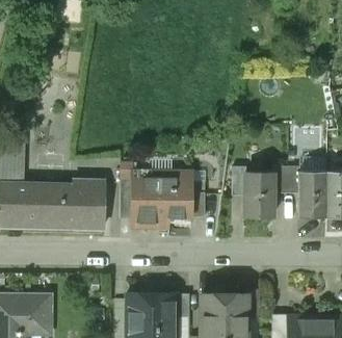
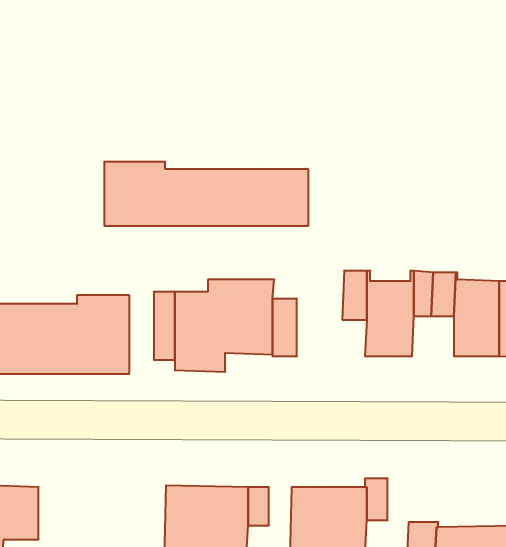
building: none -> [104,162,308,226]

